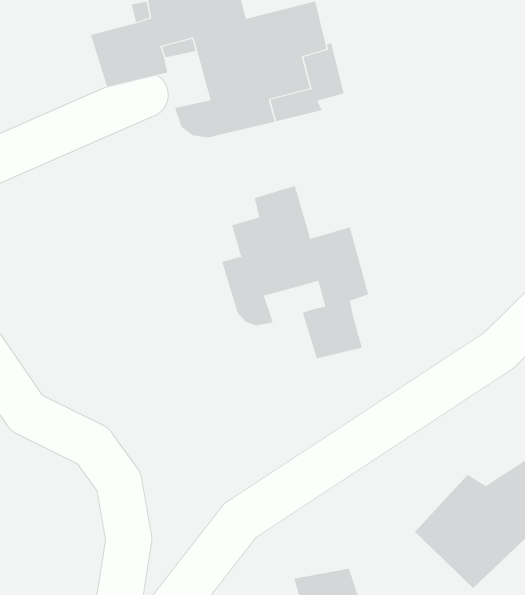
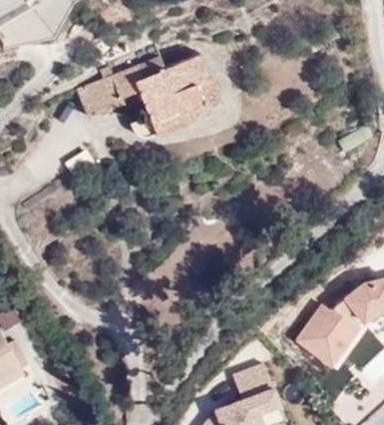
building: [221,185,369,359] -> none

